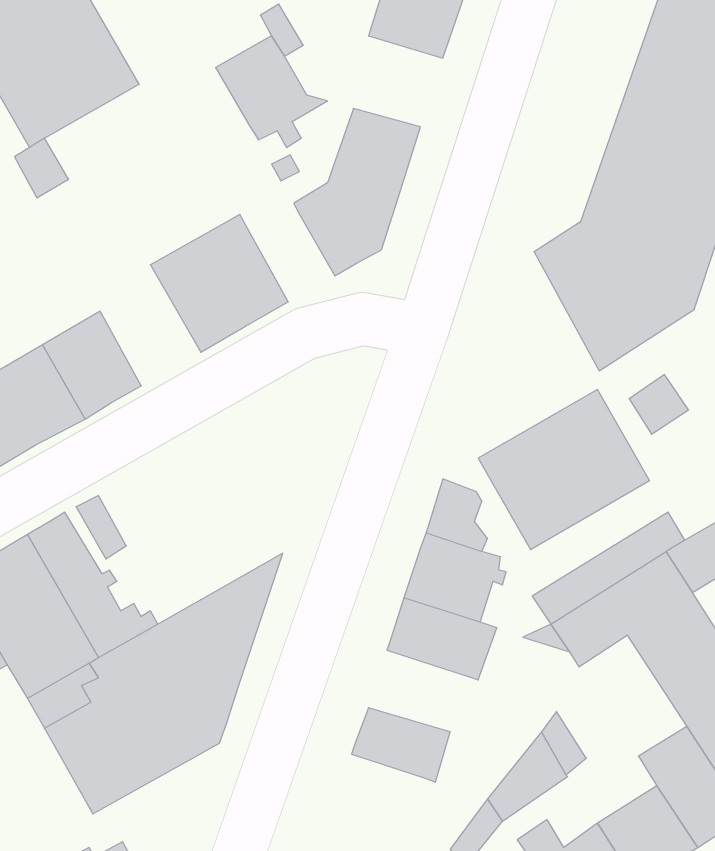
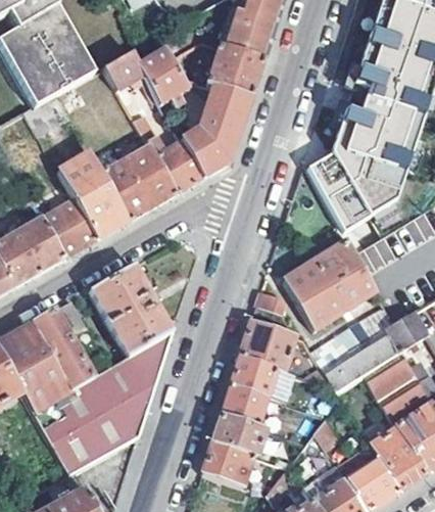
building: none -> [205,45,260,96]
building: none -> [105,51,154,98]
building: none -> [135,111,201,192]
building: none -> [58,152,128,238]
building: none -> [88,263,173,356]
building: none -> [220,383,274,425]
building: none -> [200,440,251,484]

